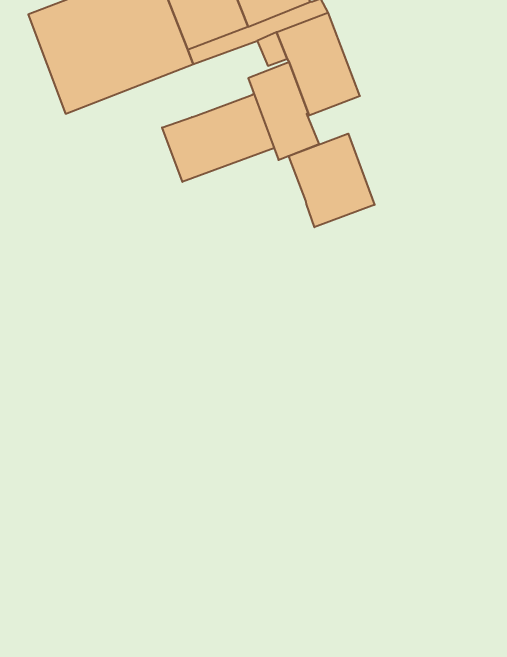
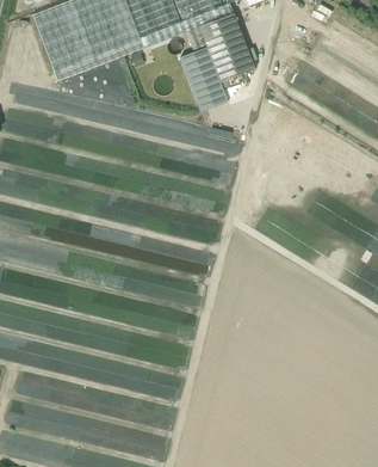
building: [162,94,274,182] -> none
building: [288,134,375,227] -> none

